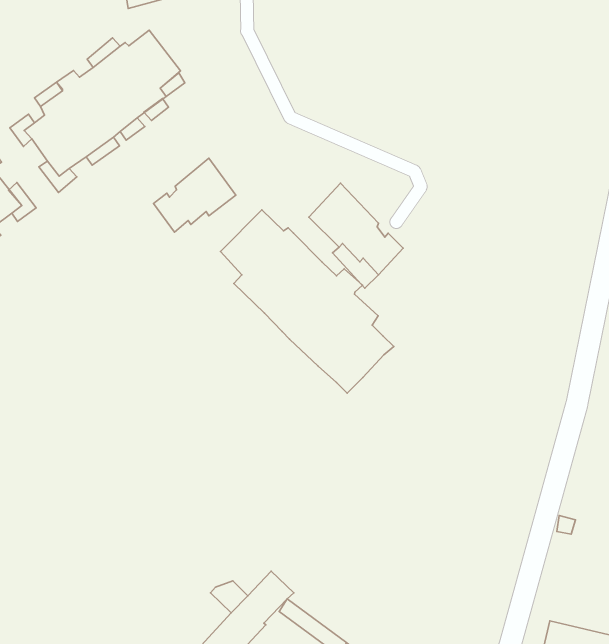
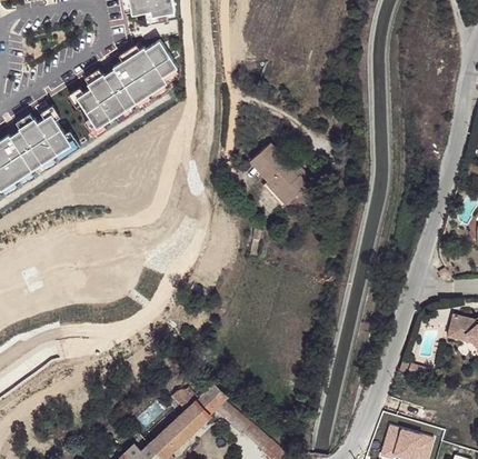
building: [153,158,236,232] -> none
building: [221,210,394,393] -> none

